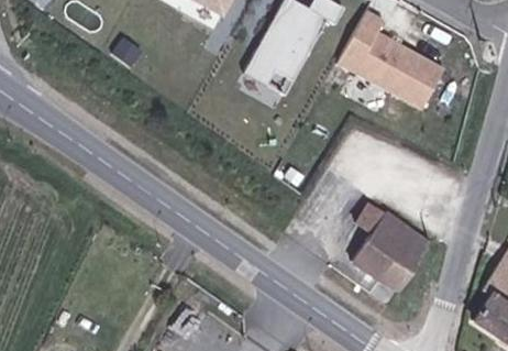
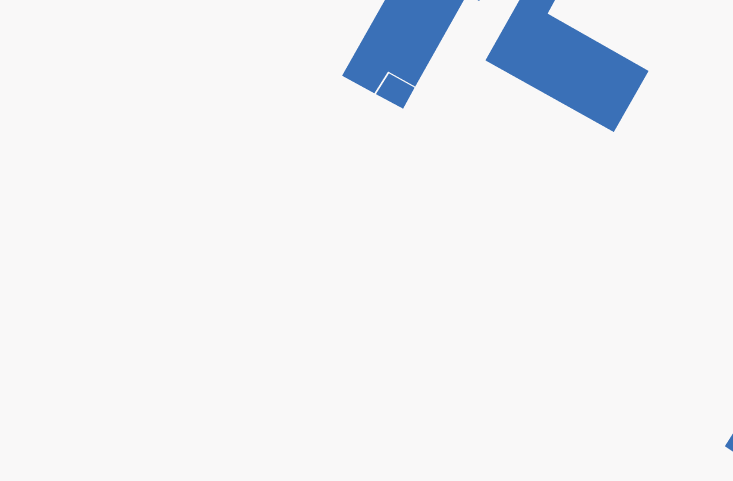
building: [363,195,438,282] -> none

